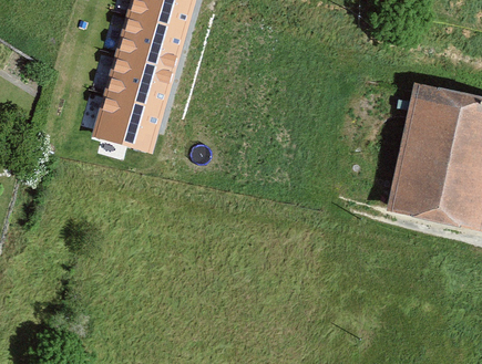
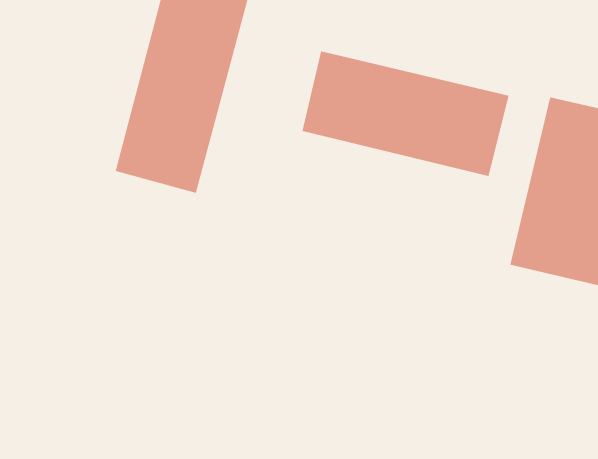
building: none -> [302,51,509,177]

